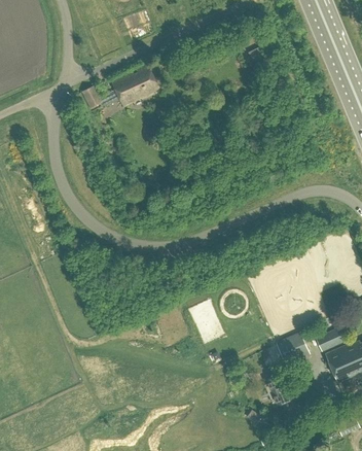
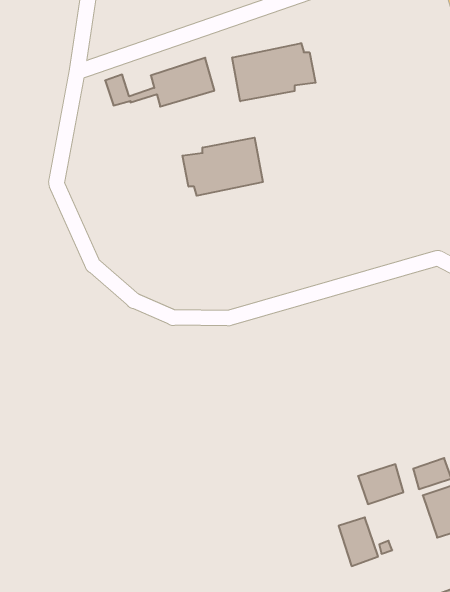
building: none -> [232,43,316,101]
building: none -> [182,138,263,196]

